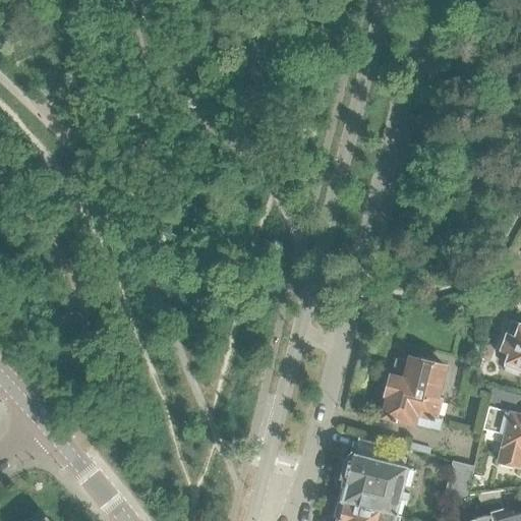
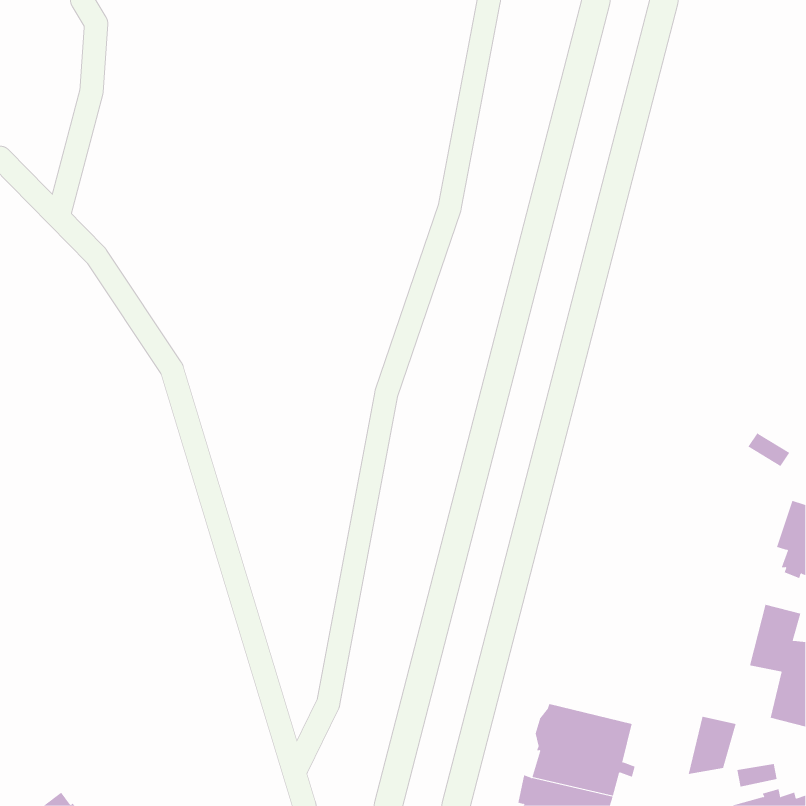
building: [383,356,442,430] -> none

